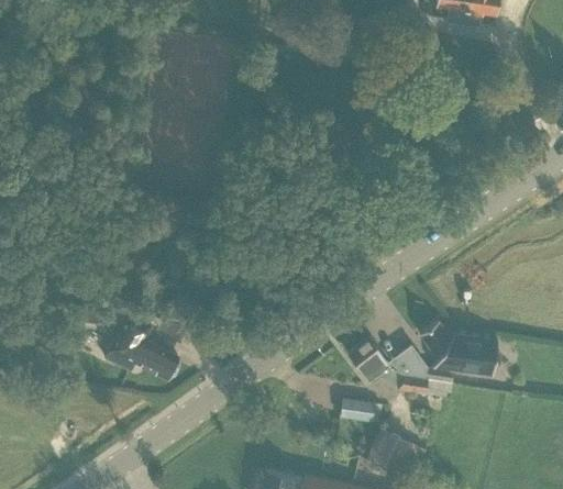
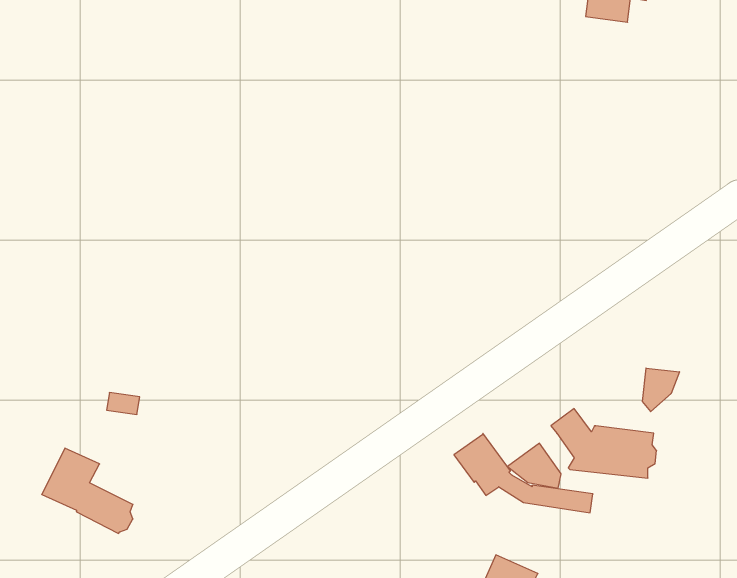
building: none -> [643,368,679,412]
building: [108,315,177,380] -> [42,448,133,533]
building: [339,400,382,424] -> none

